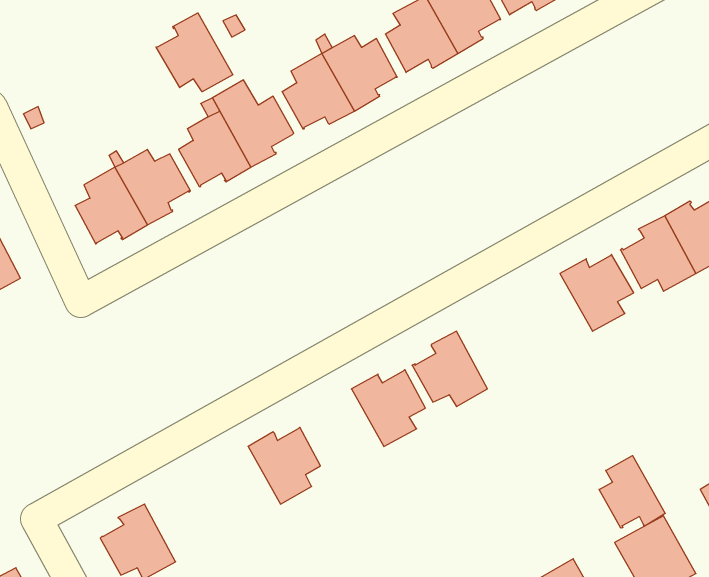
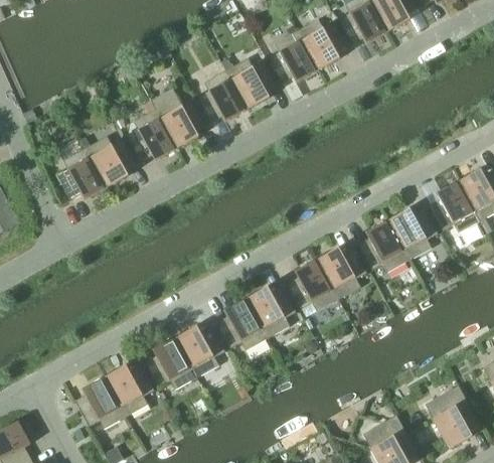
building: [156,13,233,92] -> none
building: none -> [358,220,409,272]
building: none -> [317,247,366,299]
building: none -> [216,299,268,350]
building: none -> [146,338,197,390]
building: [599,456,665,528] -> none
building: none -> [105,364,154,417]

